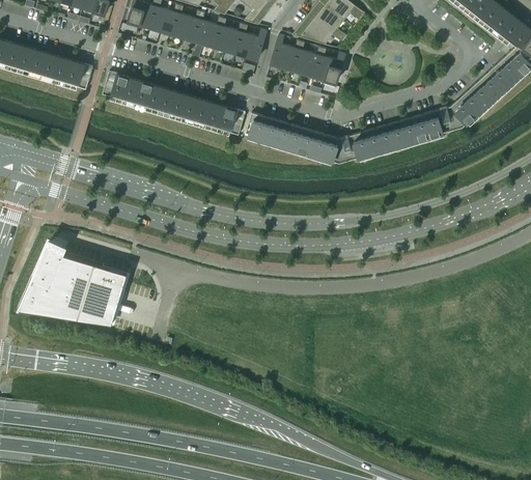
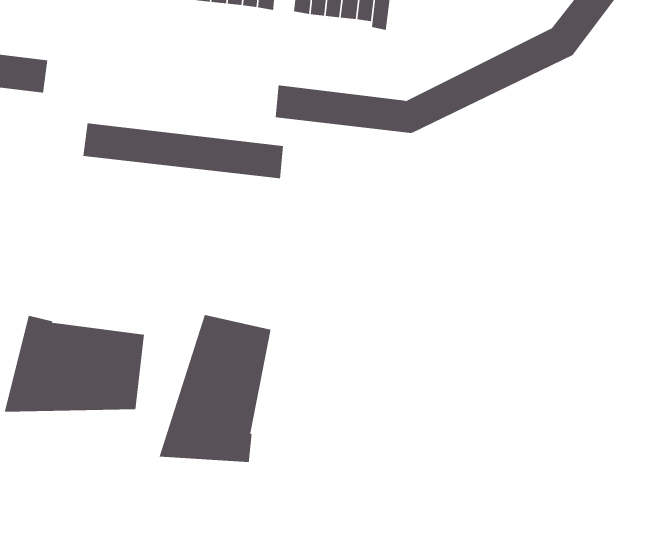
building: [103,74,246,137] -> [82,123,284,179]
building: none -> [159,314,271,463]

